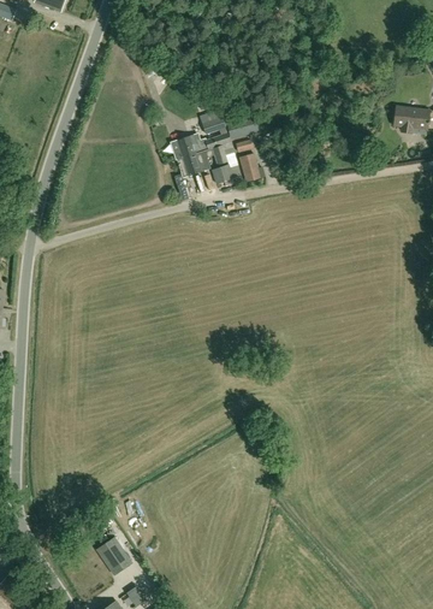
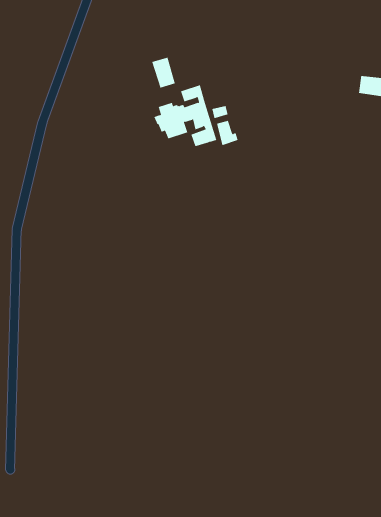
building: none -> [152,57,176,88]
building: [96,538,130,573] -> none

